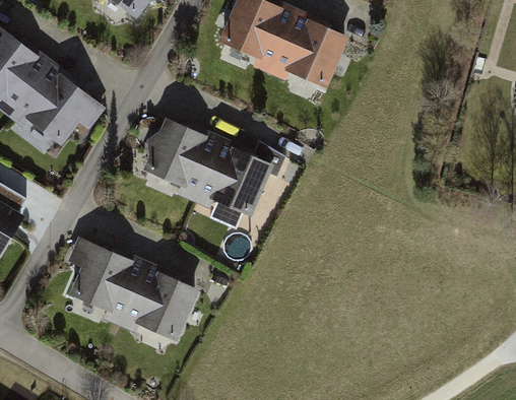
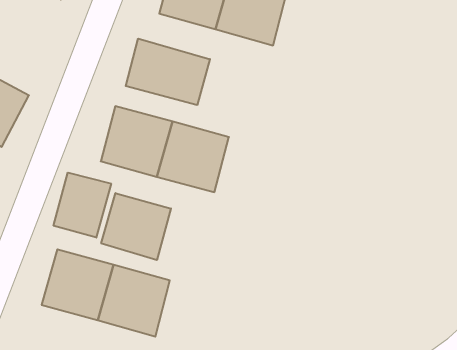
building: none -> [126,39,210,105]
building: none -> [54,173,111,238]
building: none -> [101,193,171,260]

